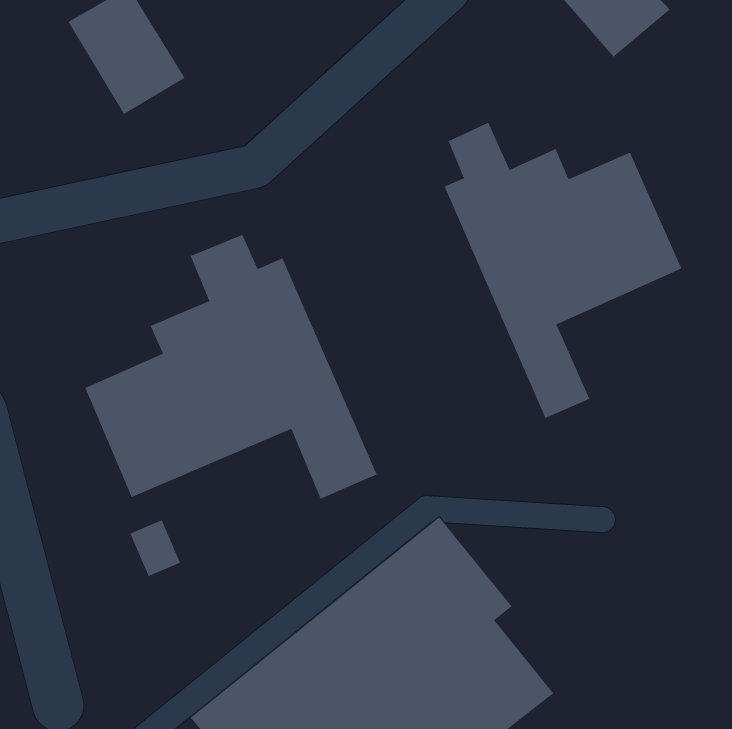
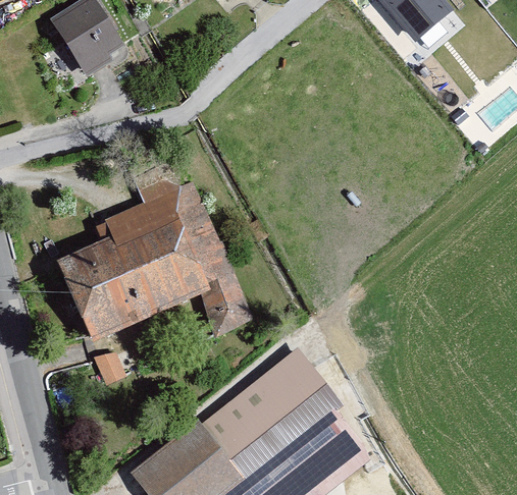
building: [444,122,682,419] -> none

